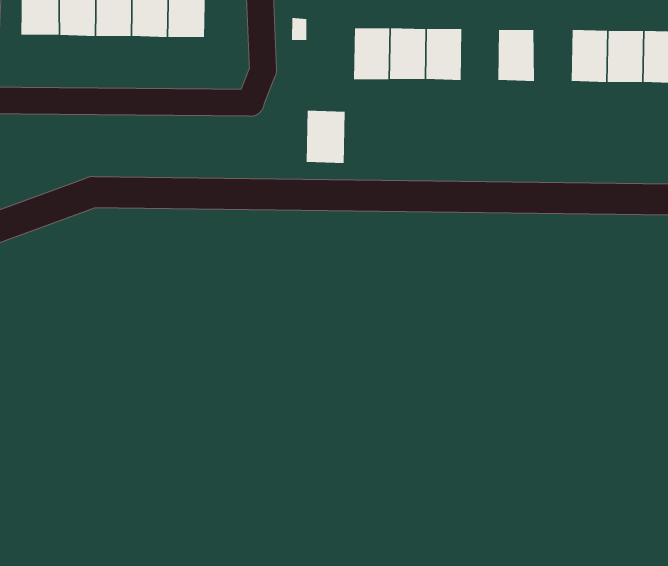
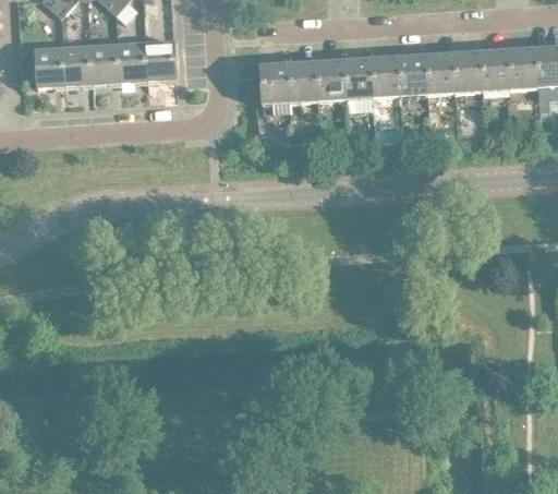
building: none -> [371,56,400,96]
building: none -> [425,51,456,93]
building: [306,110,346,163] -> [259,62,291,103]

